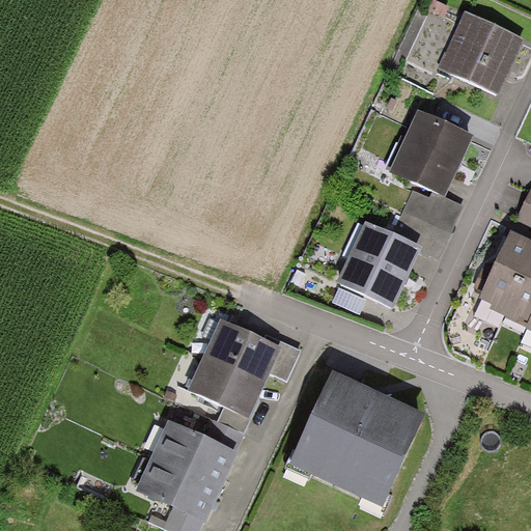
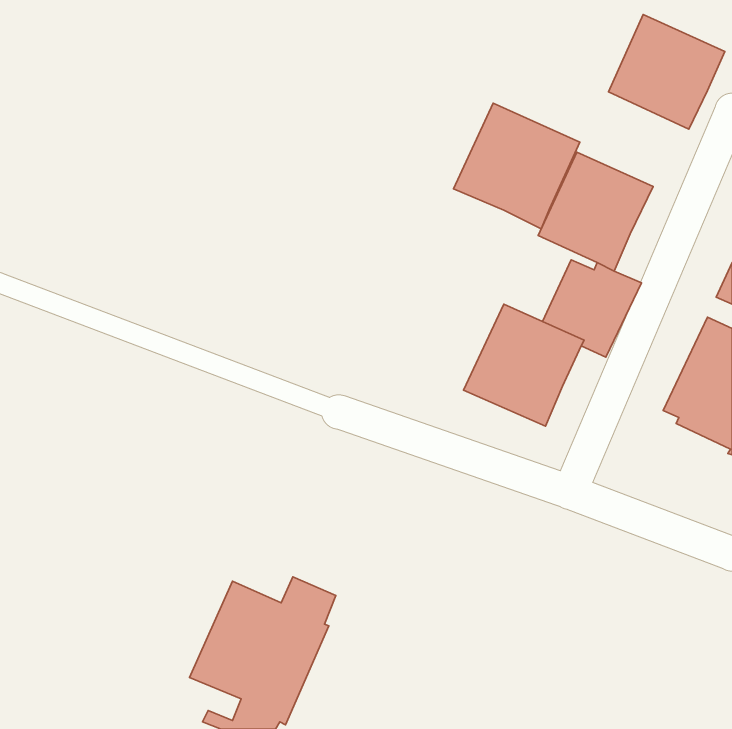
building: none -> [454,103,580,229]
building: [188,317,301,430] -> none
building: [287,371,423,507] -> none

